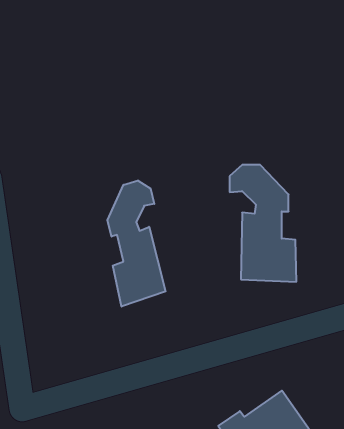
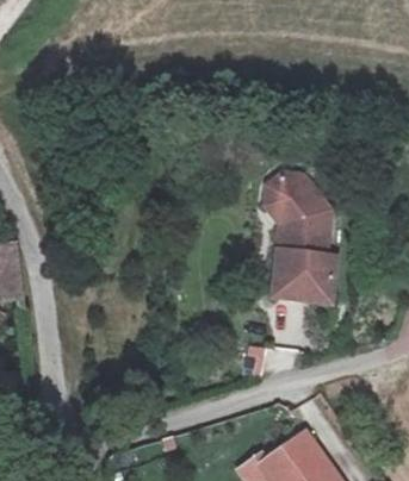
building: [108,180,166,307] -> none

